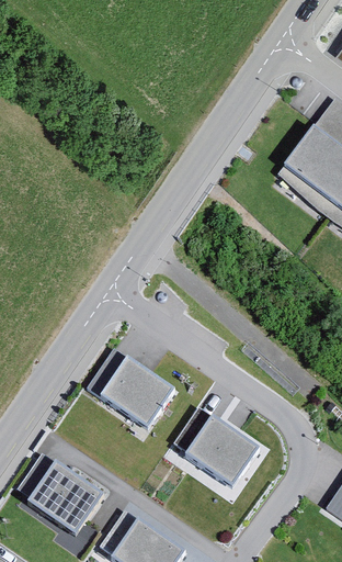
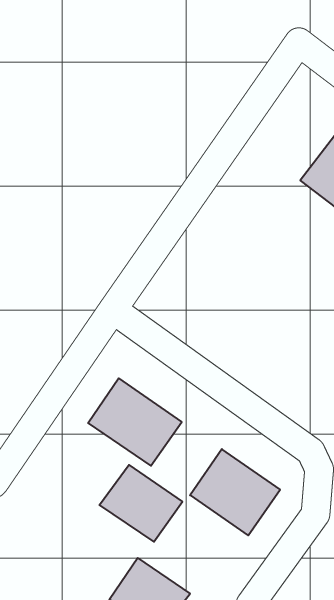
building: [23,464,100,536] -> [99,465,182,542]

